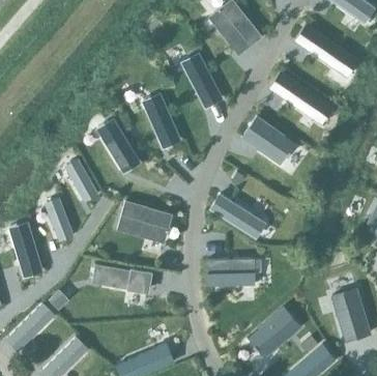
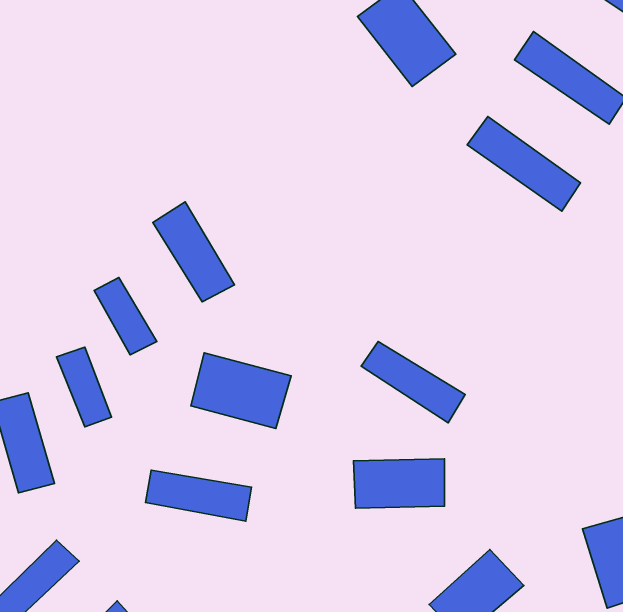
building: [180,53,223,108] -> none
building: [142,92,181,148] -> none
building: [242,116,293,162] -> none

